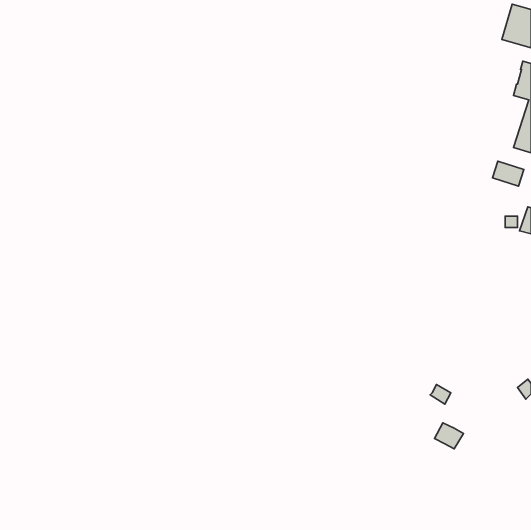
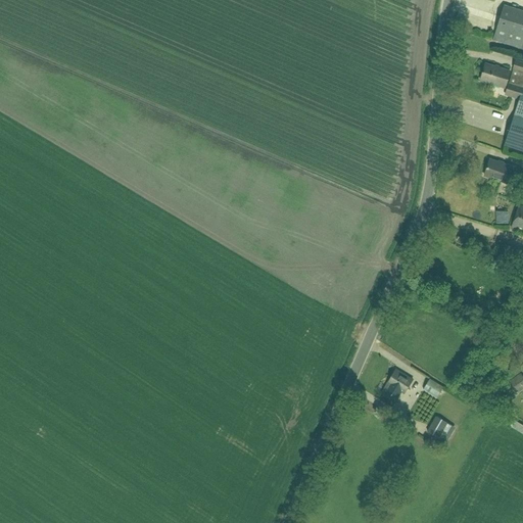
building: none -> [480,62,509,87]
building: none -> [381,368,413,401]

